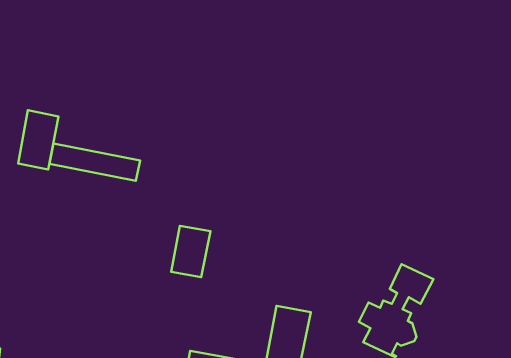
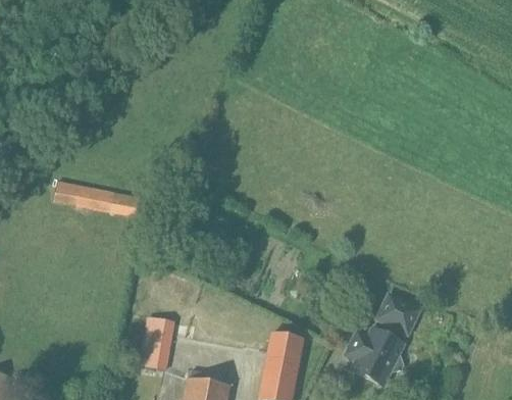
building: [18,110,59,169] -> none
building: [171,226,211,277] -> [138,318,175,367]

